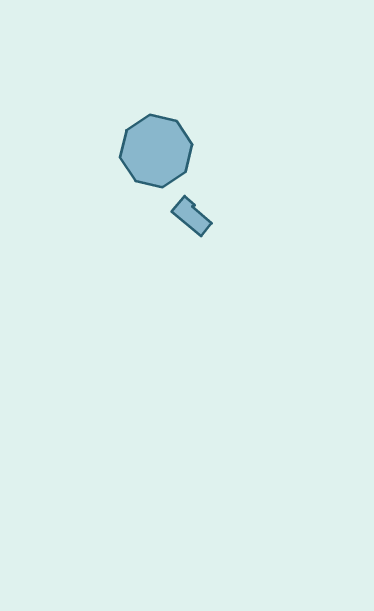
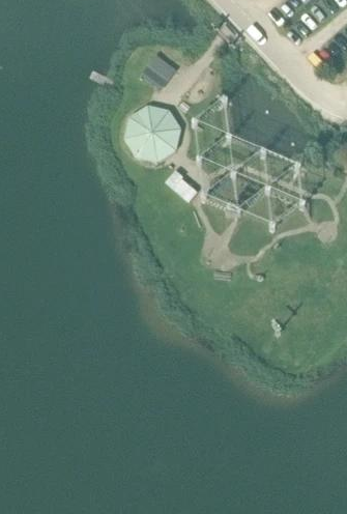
building: none -> [140,55,175,91]

